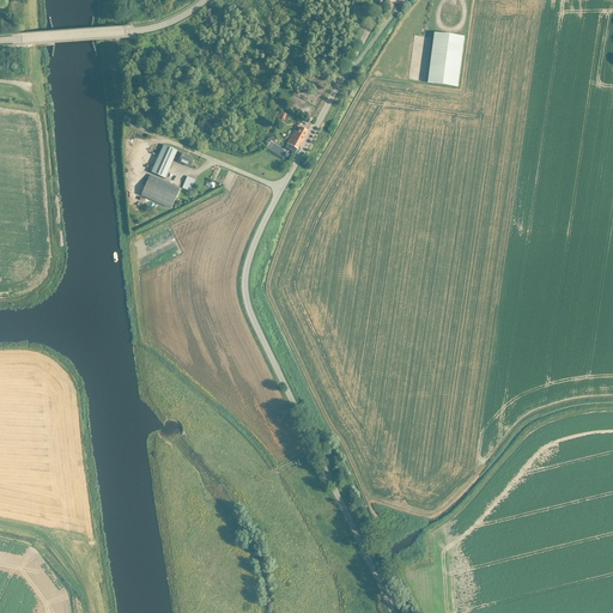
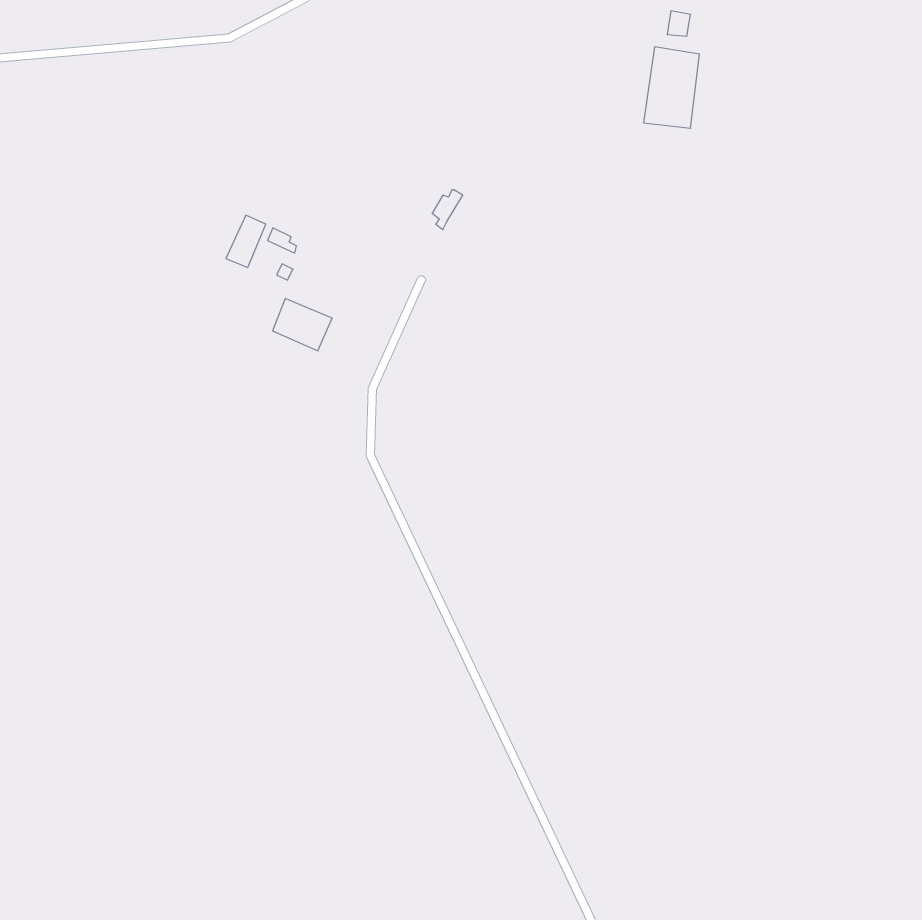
building: [140,172,180,207] -> [273,298,332,351]

